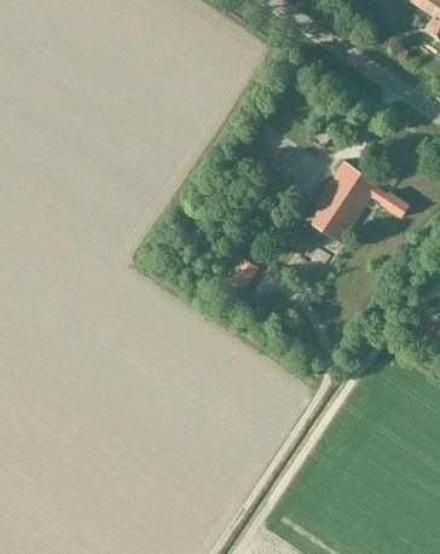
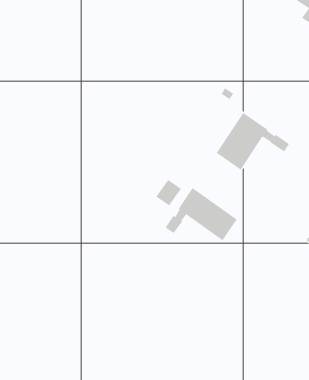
building: none -> [165,187,237,241]

